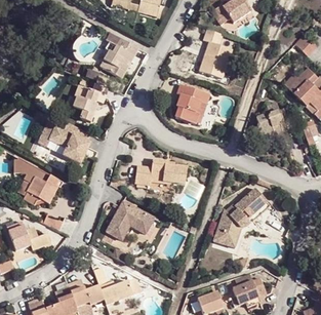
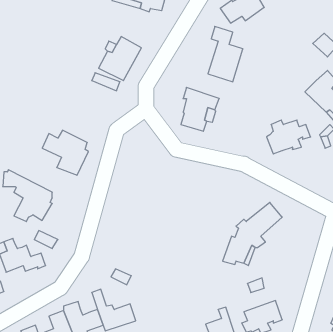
building: [73,82,109,122] -> none
building: [134,158,187,185] -> none
building: [106,200,155,239] -> none

